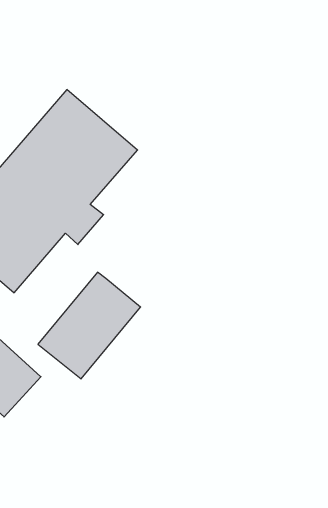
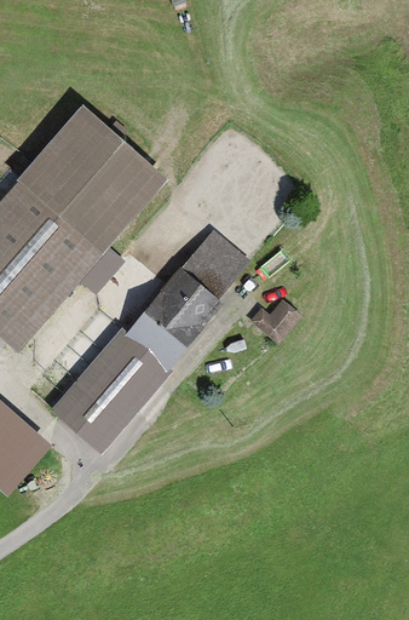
building: none -> [128,228,254,366]
building: none -> [250,297,303,341]

